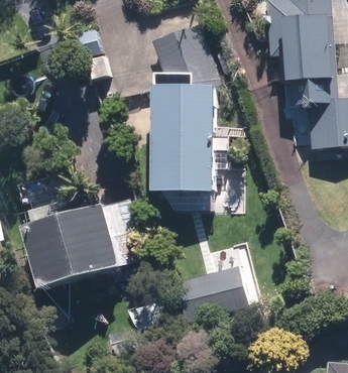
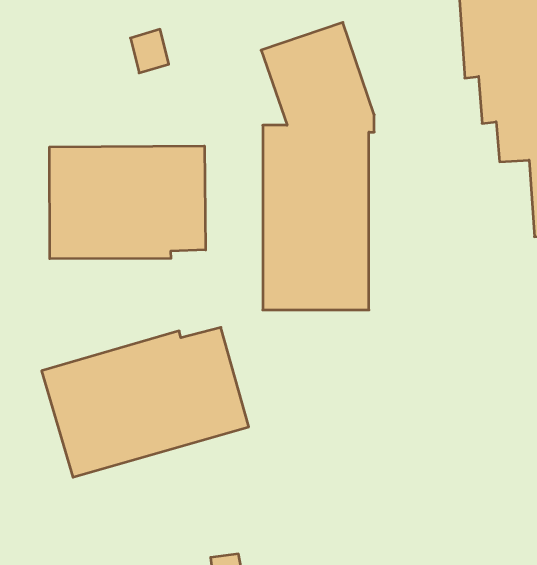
building: none -> [50,146,206,259]
building: [175,264,248,321] -> none

